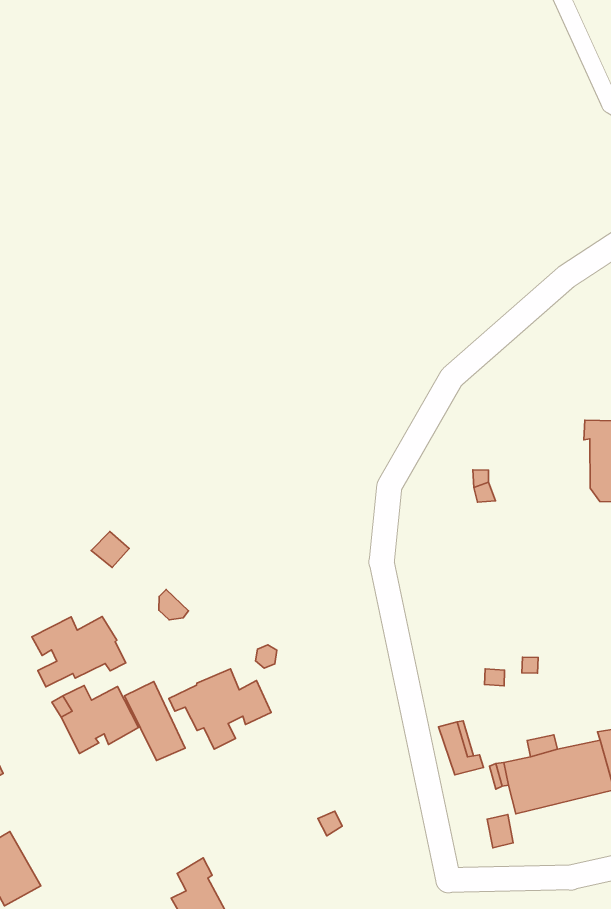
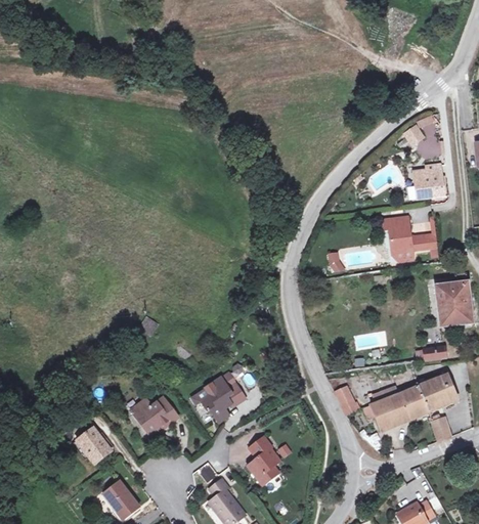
building: [32,616,126,687] -> none
building: [125,682,185,761] -> none
building: none -> [247,435,280,484]

